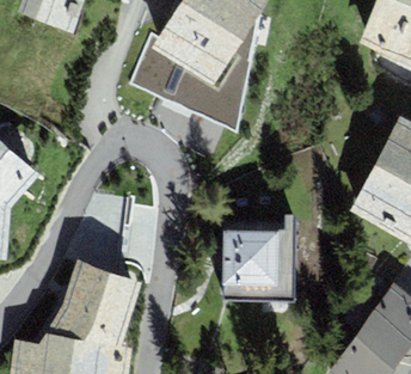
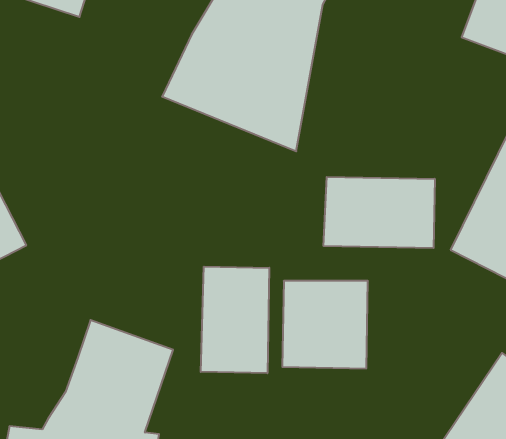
building: none -> [324,177,435,248]
building: none -> [201,267,269,373]

